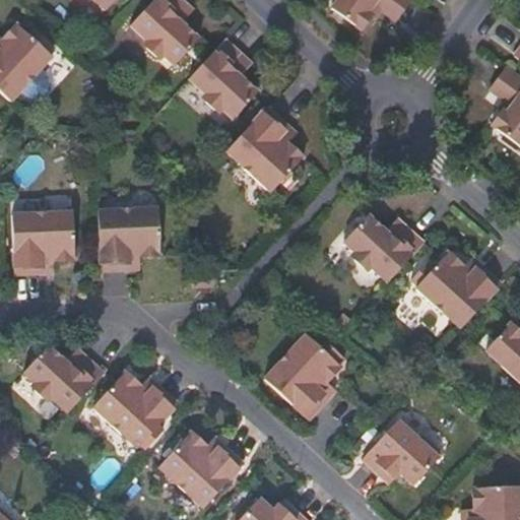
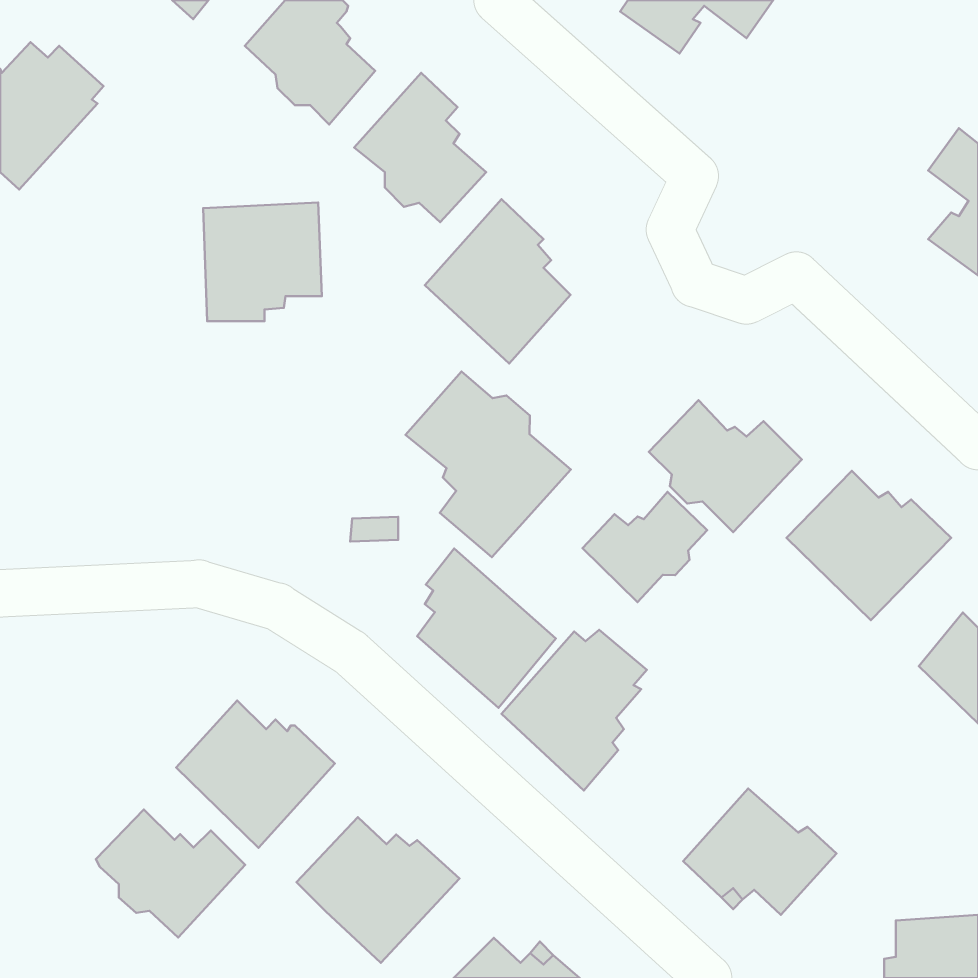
building: none -> [405,372,571,557]
building: [98,205,160,268] -> [203,202,322,321]
building: [12,209,76,273] -> none
building: none -> [583,492,707,602]
building: none -> [417,549,556,708]
building: [25,343,105,411] -> [96,809,245,938]

